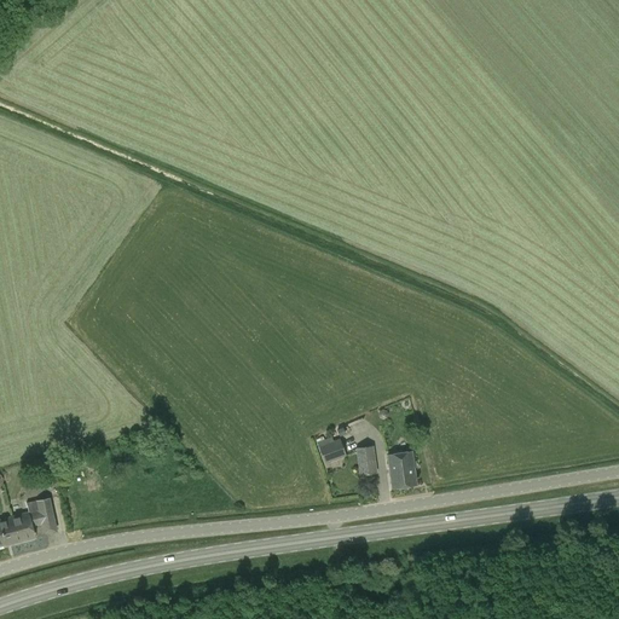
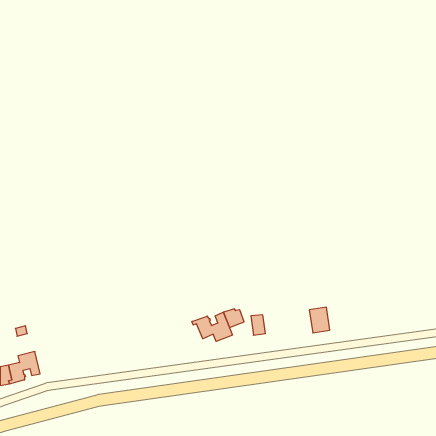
building: none -> [192,312,233,341]
building: [387,452,416,488] -> [309,307,330,333]

